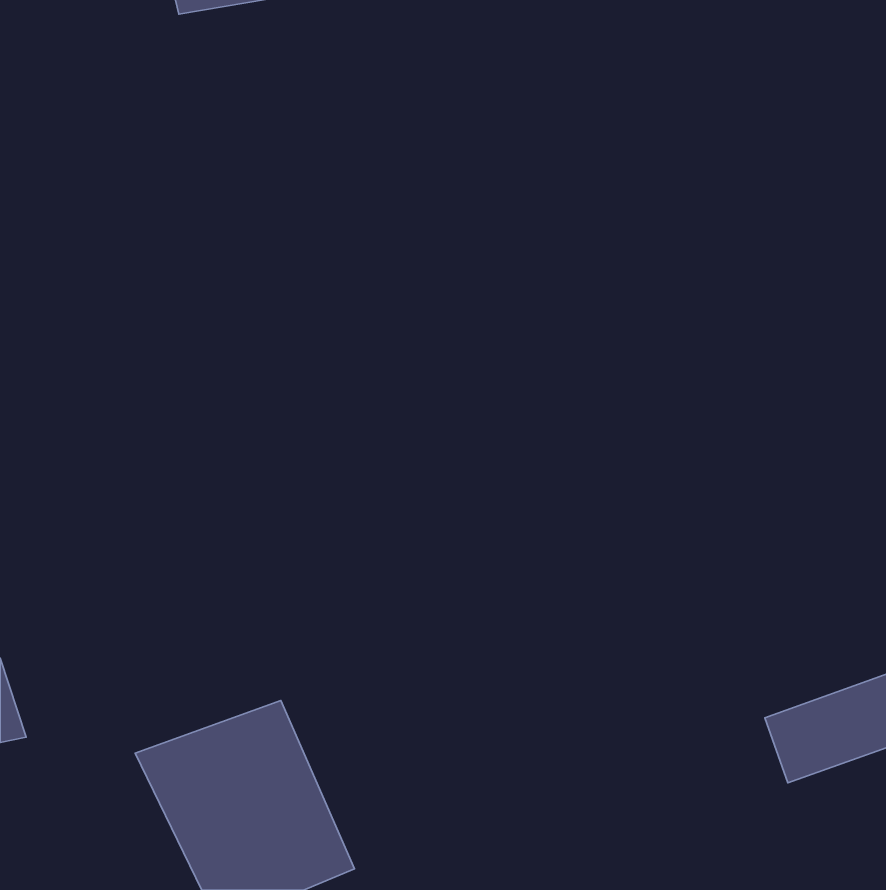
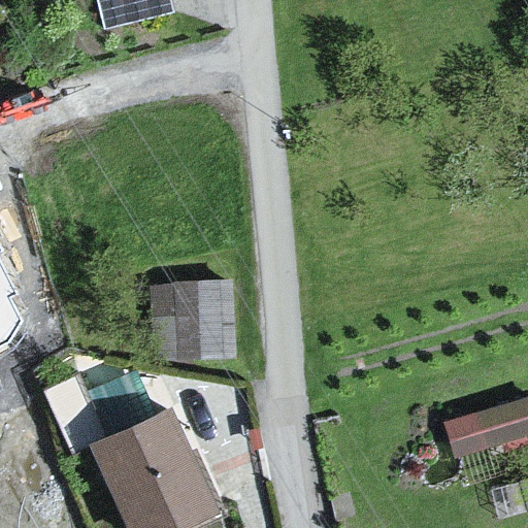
building: none -> [152,280,242,359]

